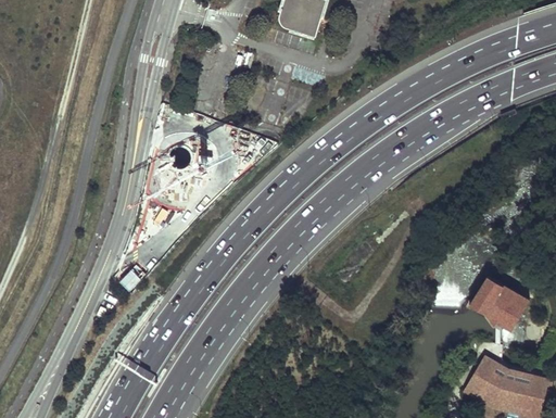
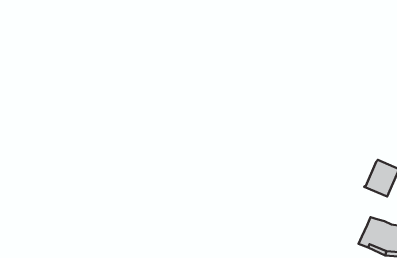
building: [466,275,501,314] -> none

